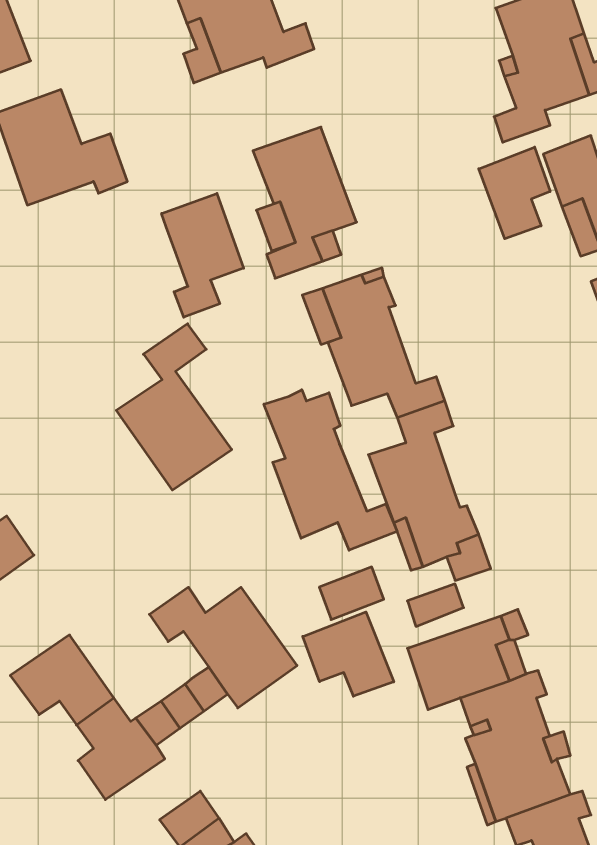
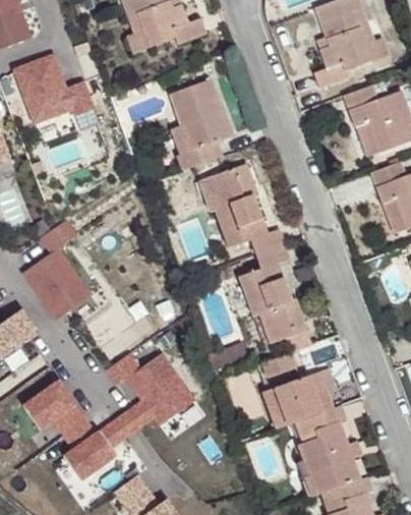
building: [479,147,550,239] -> none
building: [162,193,244,317] -> none
building: [116,324,232,490] -> [22,222,92,322]
building: [264,390,397,550] -> none
building: [303,612,394,696] -> none

